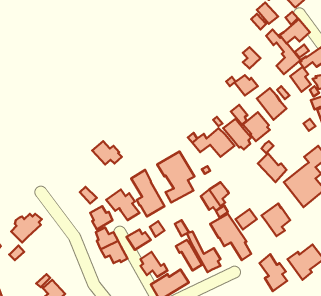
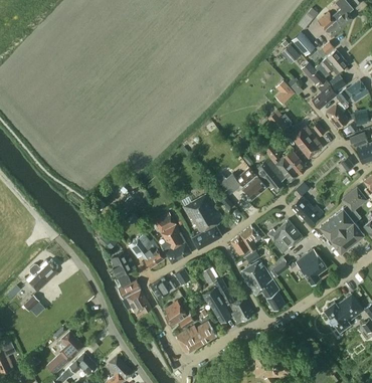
building: none -> [267,219,303,252]
building: [260,254,287,291] -> none

